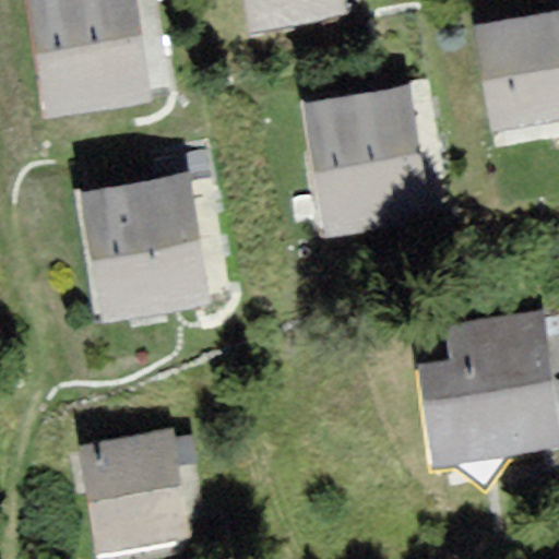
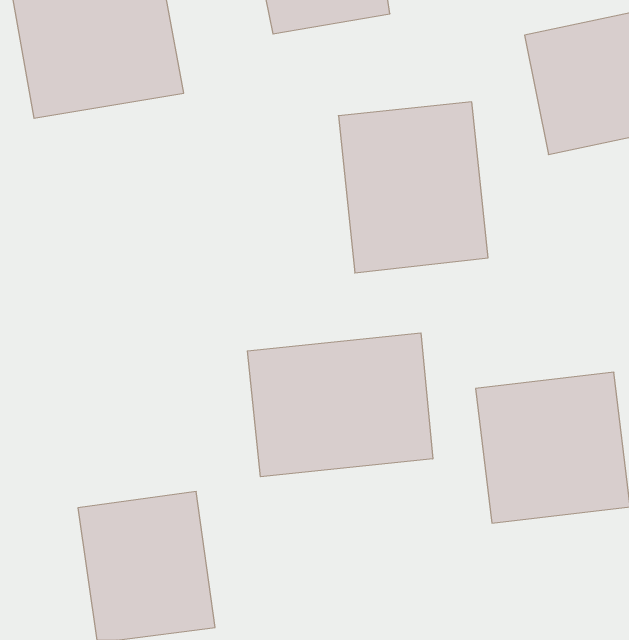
building: [68,177,215,319] -> none
building: none -> [247,333,433,477]

